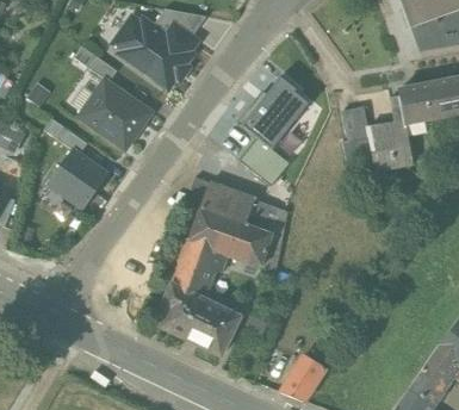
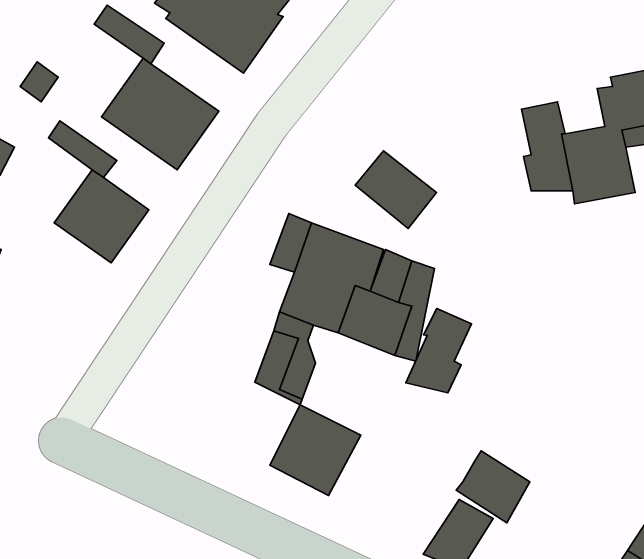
building: [237,75,310,150] -> none
building: none -> [406,308,471,393]
building: [162,282,203,335] -> none
building: none -> [456,451,530,523]

